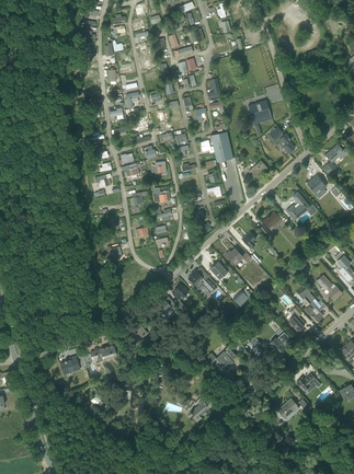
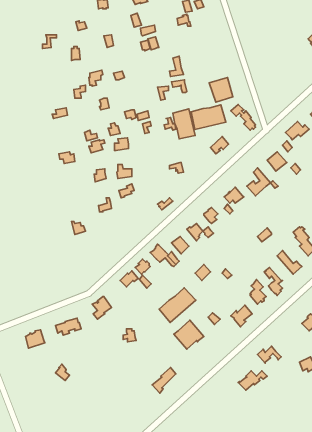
building: none -> [191,105,226,129]
building: none -> [159,288,196,323]

